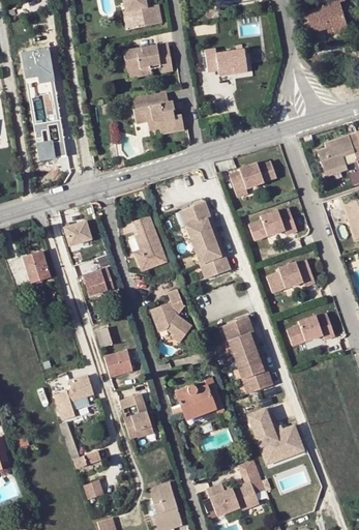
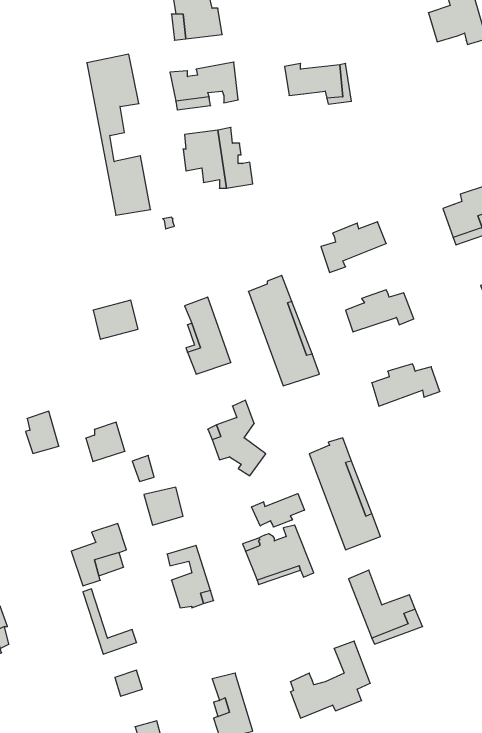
building: [25,43,70,158] -> [87,54,151,215]
building: [25,252,49,282] -> [26,411,59,453]
building: [84,267,112,295] -> [86,422,125,461]
building: [286,315,333,345] -> none
building: none -> [252,494,304,527]

